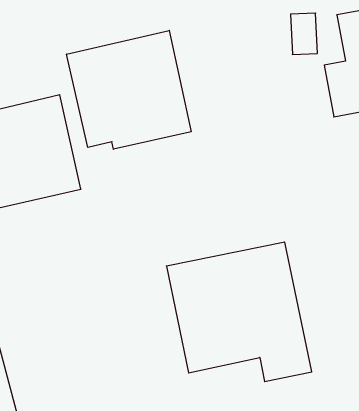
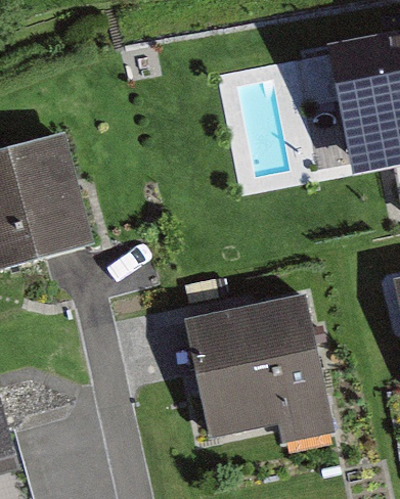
building: [67,30,191,149] -> none

